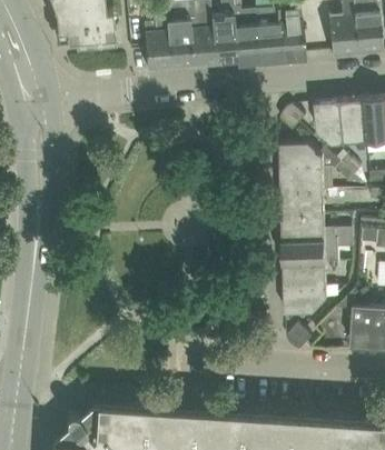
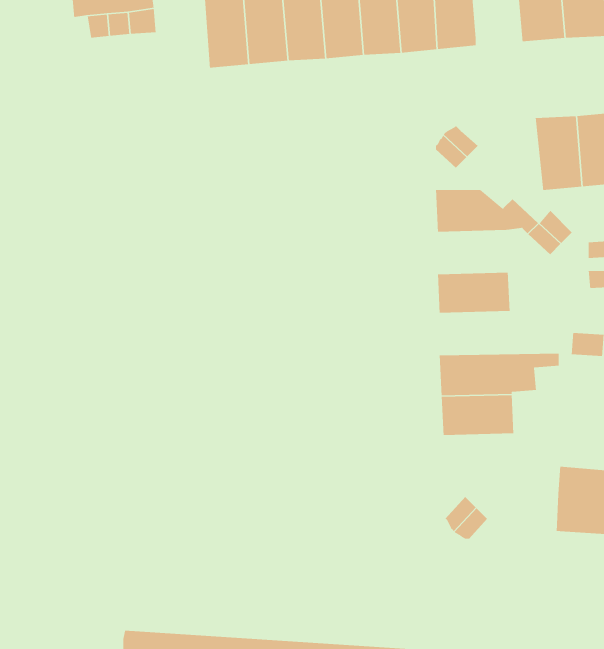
building: [315,102,344,146] -> none
building: [282,169,324,194] -> none
building: [283,217,354,242] -> none
building: [285,289,327,314] -> none

